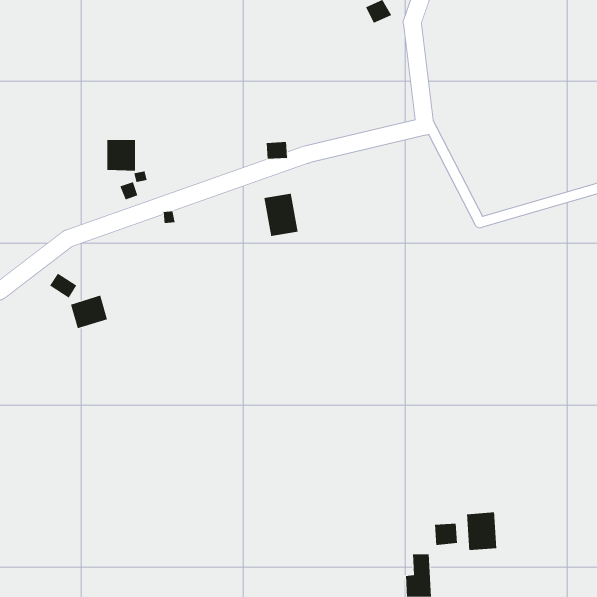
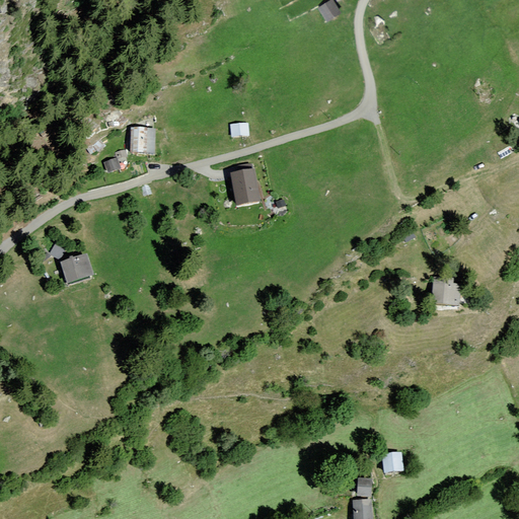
building: [107,140,136,171] -> [130,128,155,155]
building: none -> [433,279,461,308]
building: [467,512,497,551] -> none

